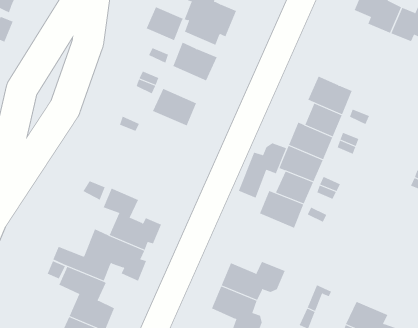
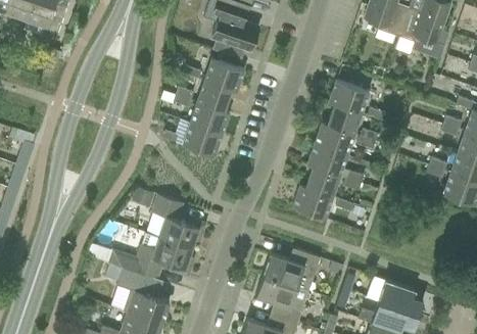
building: [146,7,184,41] -> [198,81,232,110]
building: none -> [183,123,223,155]
building: [238,143,287,198] -> none

